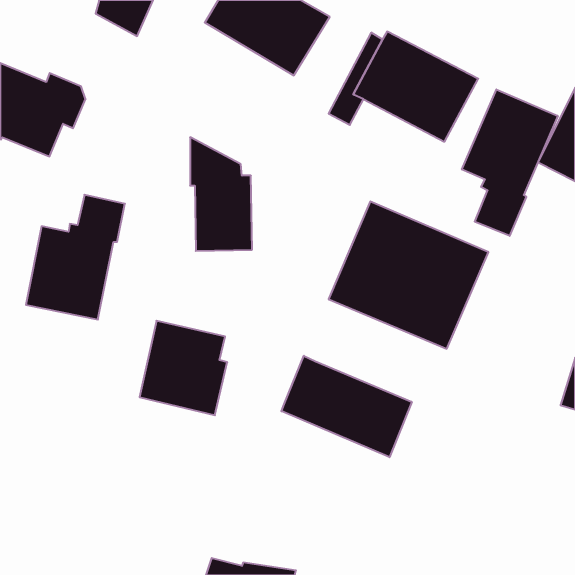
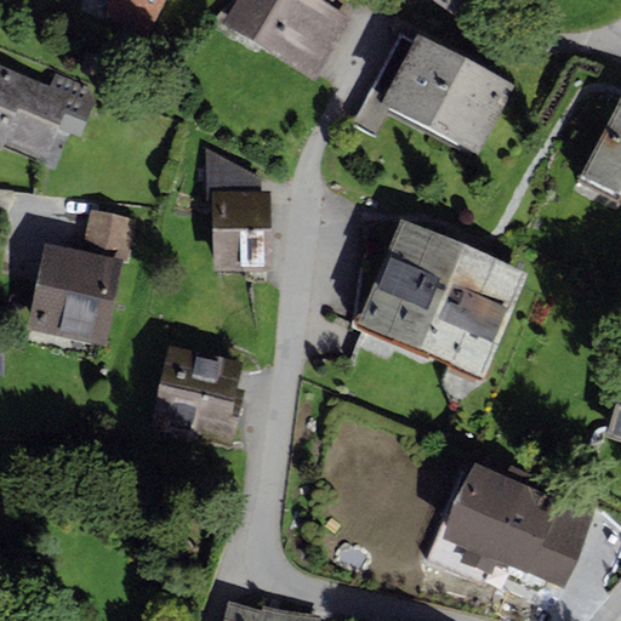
building: [462,89,558,236] -> none
building: [281,356,412,457] -> none
building: none -> [441,460,596,587]

